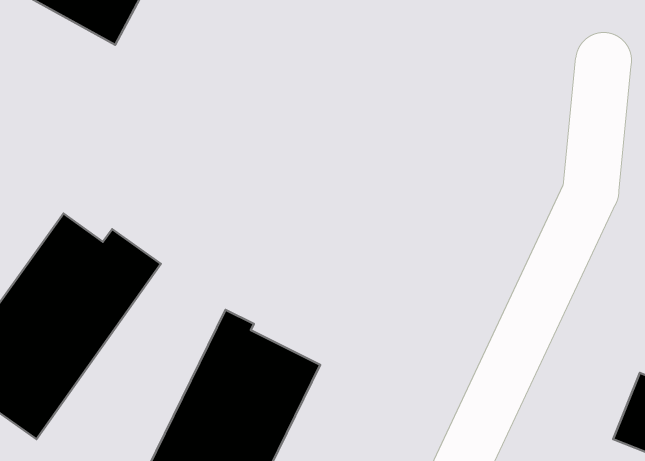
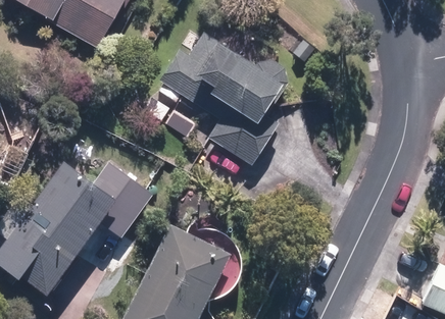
building: none -> [159,41,282,160]

